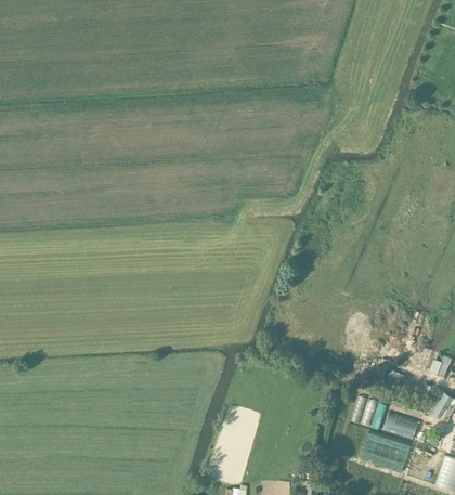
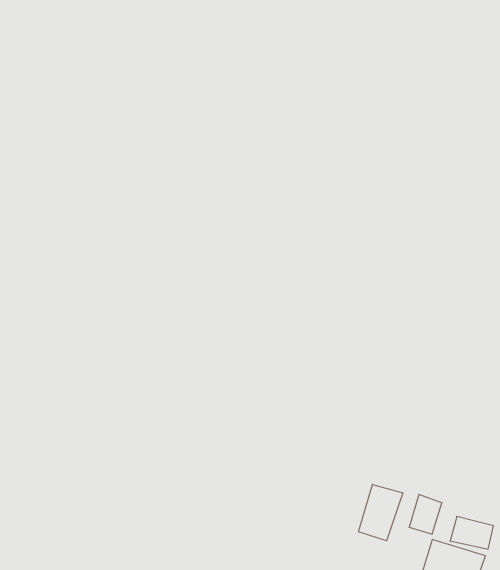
building: none -> [358,484,403,541]

